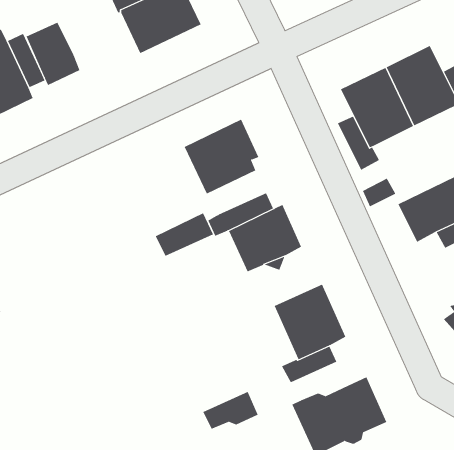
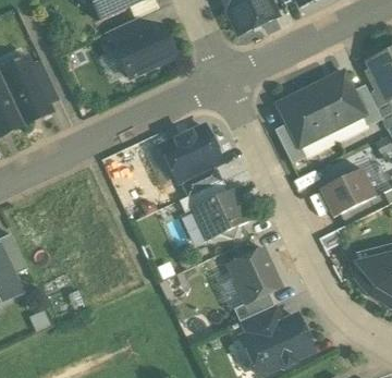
building: [26,22,80,86] -> none
building: [155,212,214,257] -> [179,162,222,195]
building: [202,391,258,430] -> [241,304,282,332]

